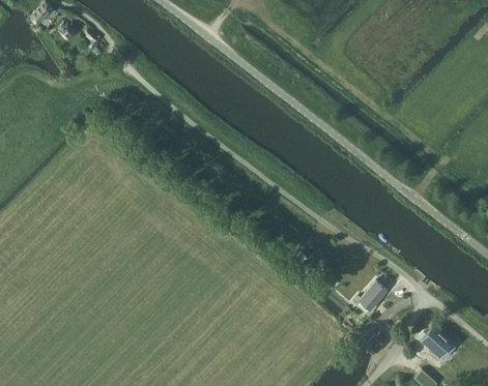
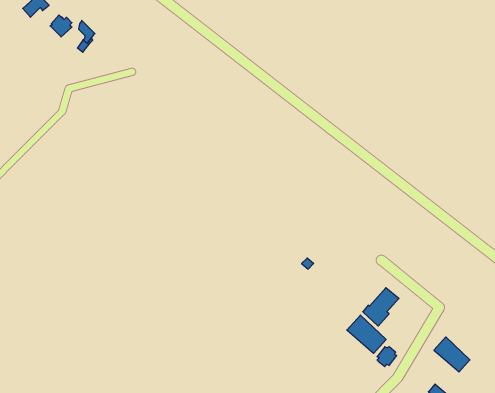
building: none -> [347,315,386,353]

